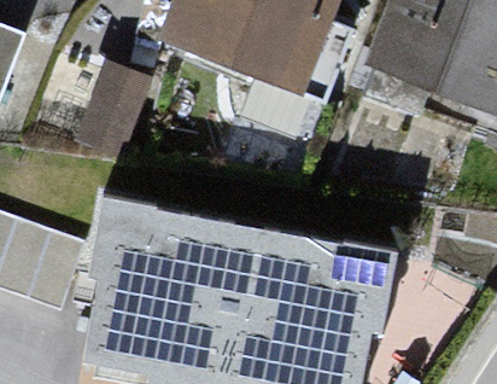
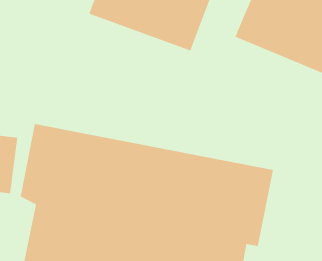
building: [69,52,147,155] -> none

